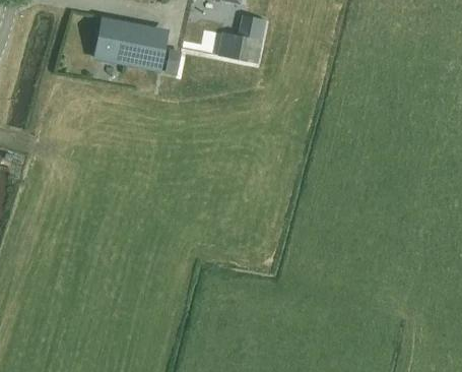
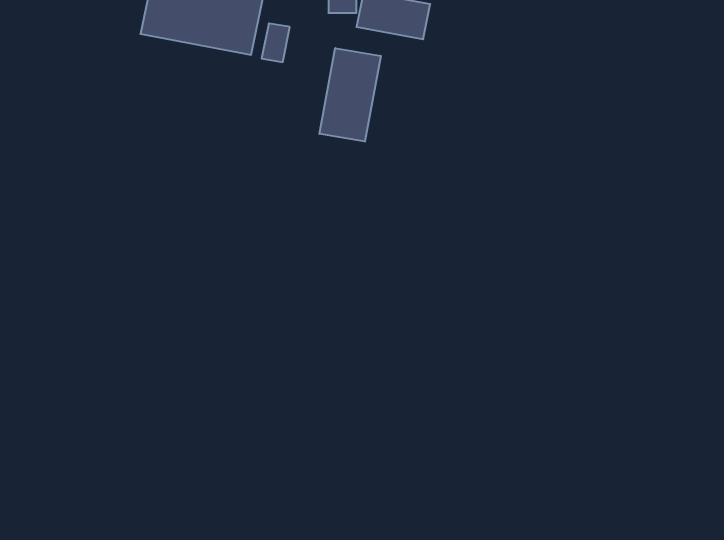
building: none -> [319,48,381,142]

